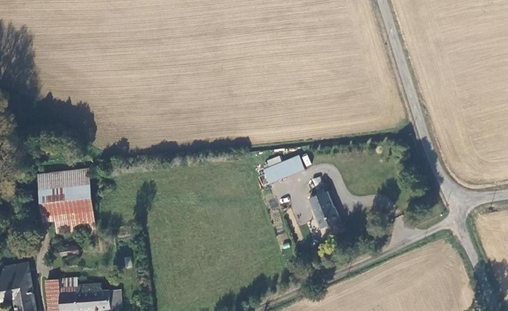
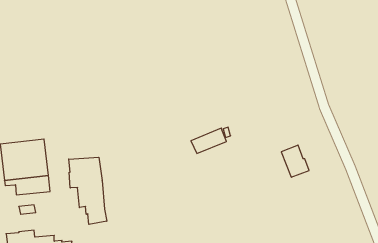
building: none -> [69,157,107,224]
building: [307,190,340,228] -> [281,145,309,177]

